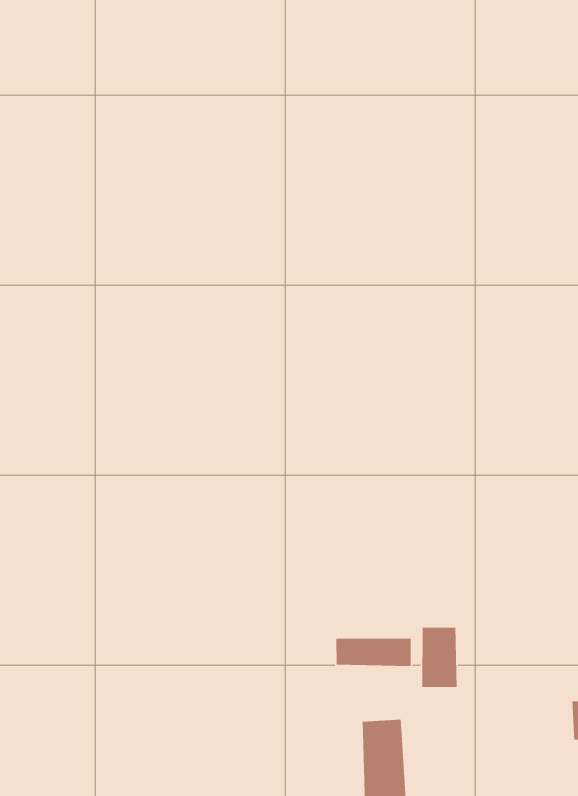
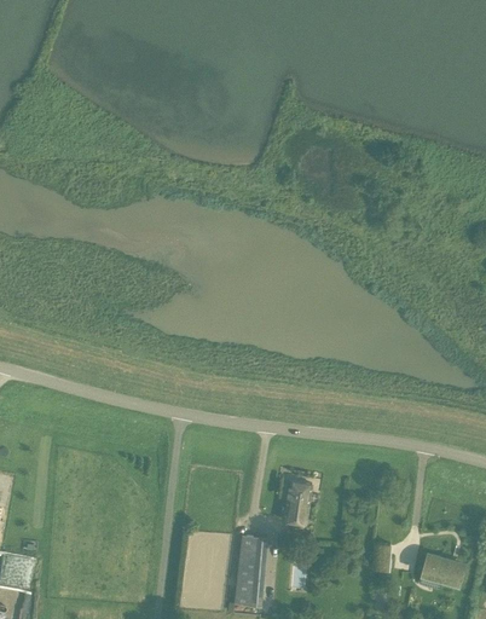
building: [336,638,412,667] -> none

